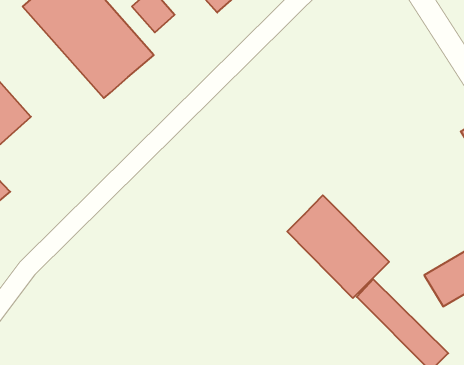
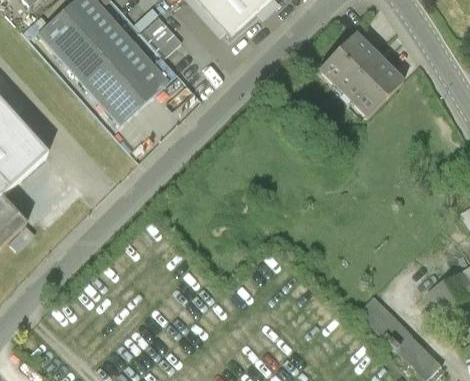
building: none -> [320,34,405,119]
building: [287,195,389,298] -> none

